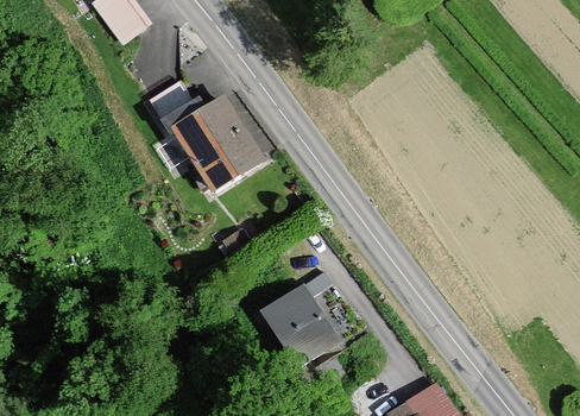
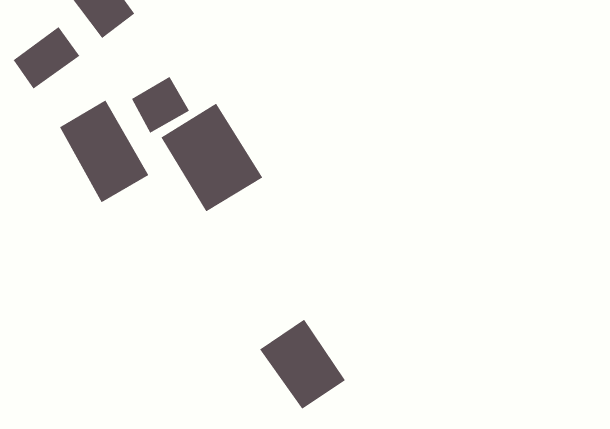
building: none -> [13,26,80,90]
building: none -> [59,100,149,203]

